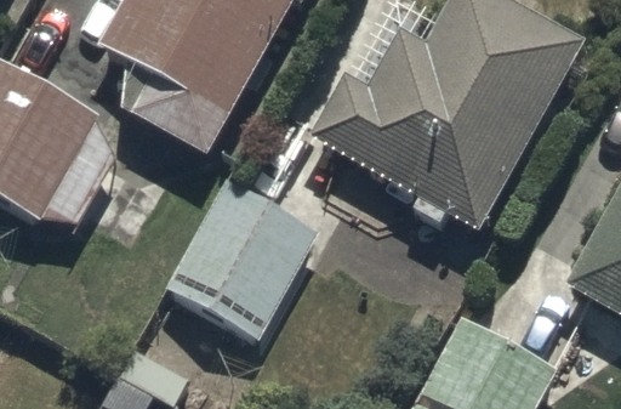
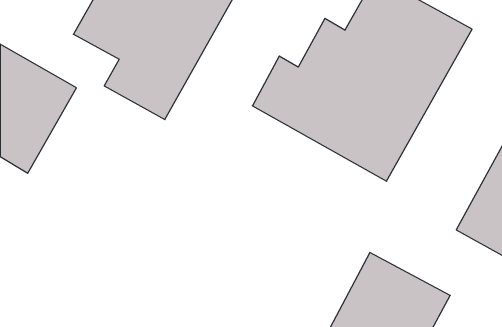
building: [165,181,318,340] -> none

